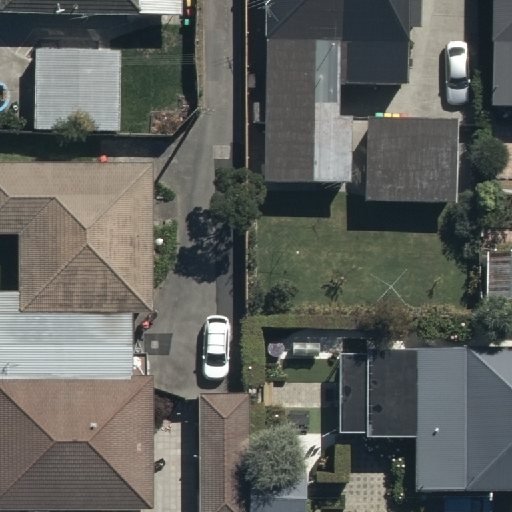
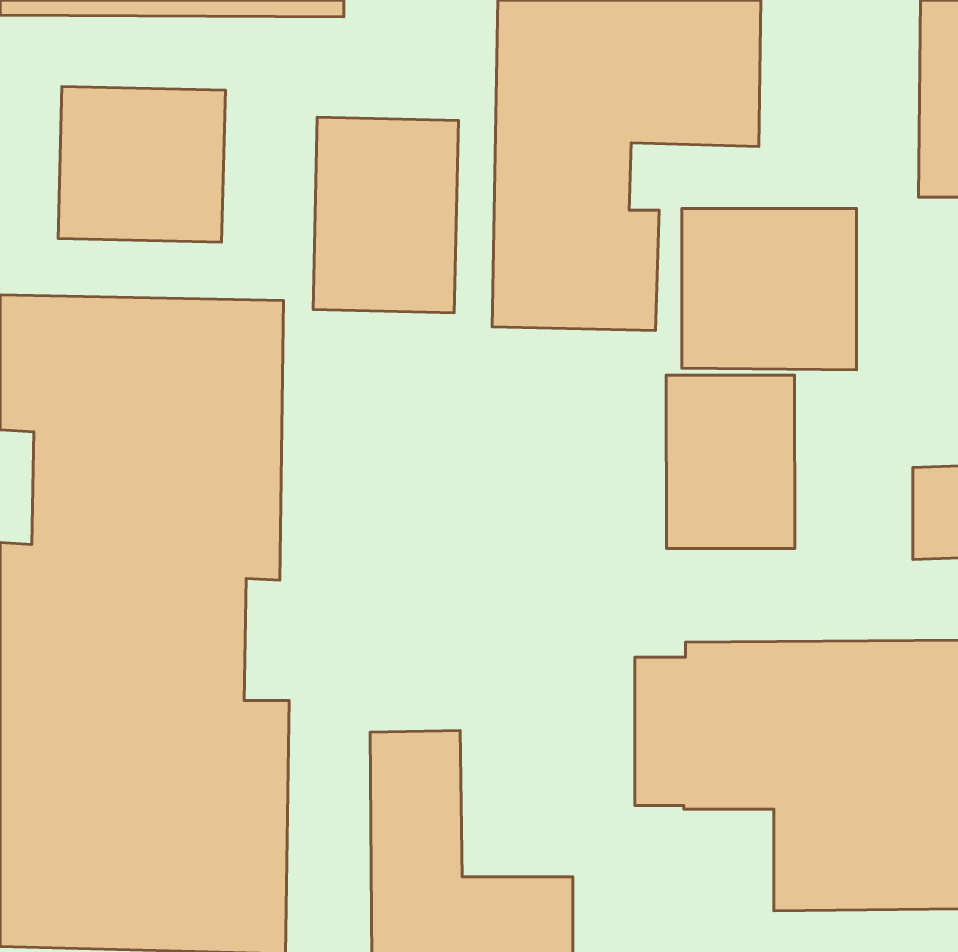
building: none -> [313,117,458,313]
building: none -> [666,375,795,549]

